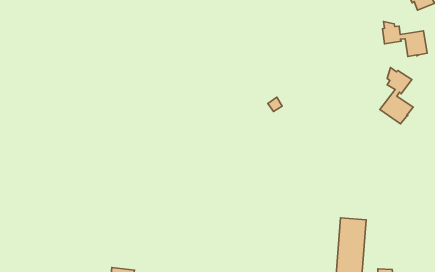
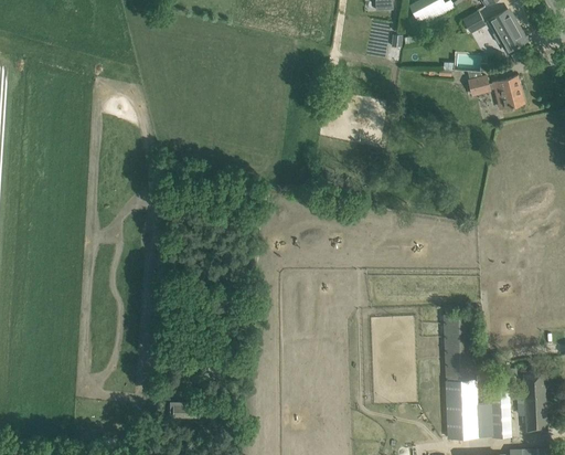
building: [380,68,413,124] -> none

